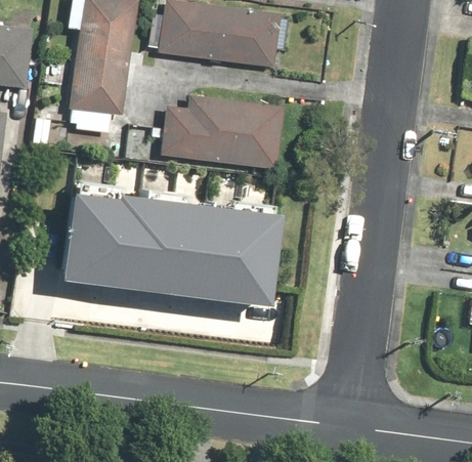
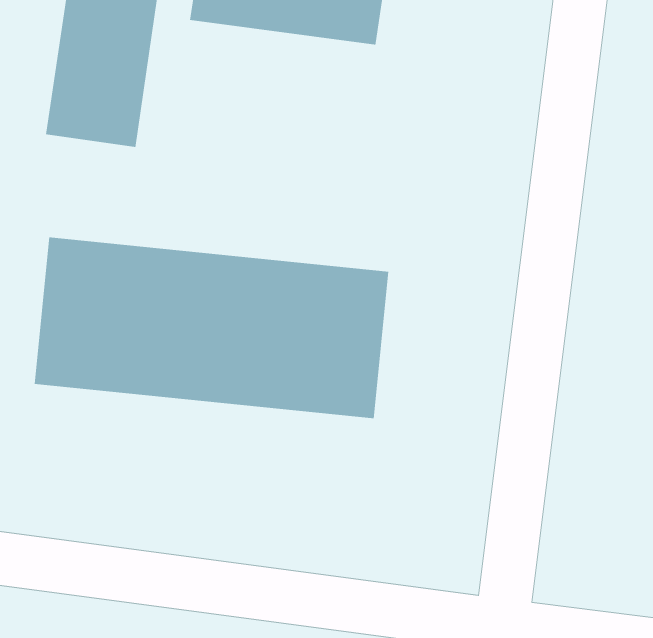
building: [164,96,287,167] -> none

